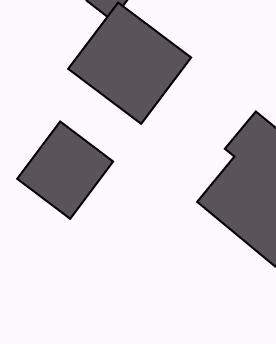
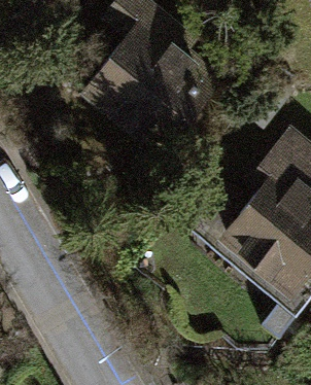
building: [17,122,113,219] -> none

